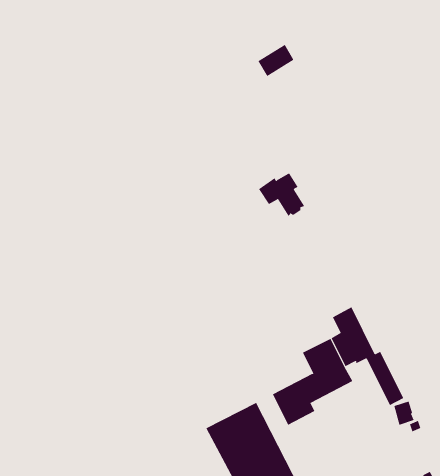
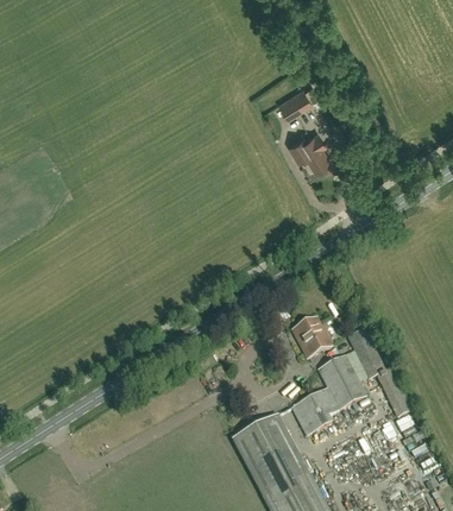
building: [258,172,305,217] -> [288,132,331,172]
building: none -> [291,317,331,359]

